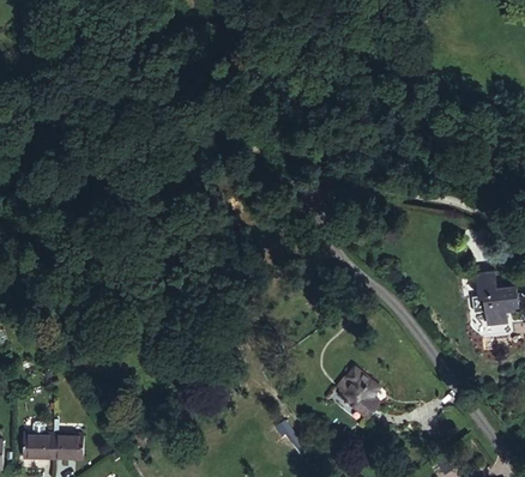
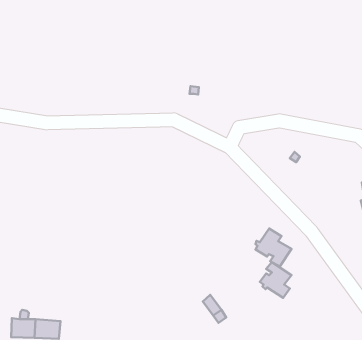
building: none -> [256,228,291,266]

